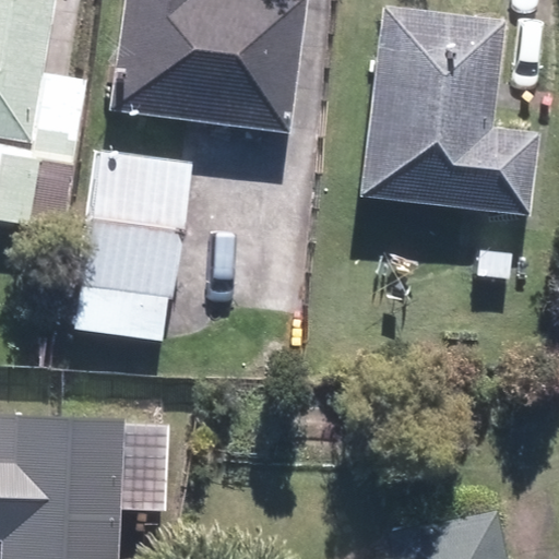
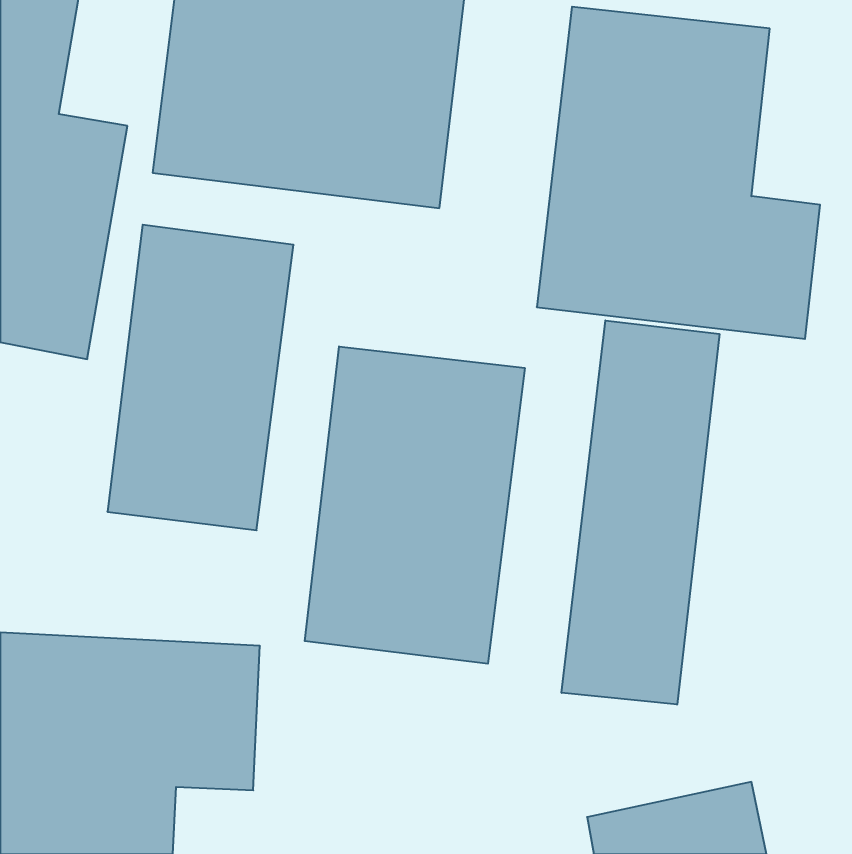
building: none -> [562,320,719,705]
building: none -> [305,346,525,664]

